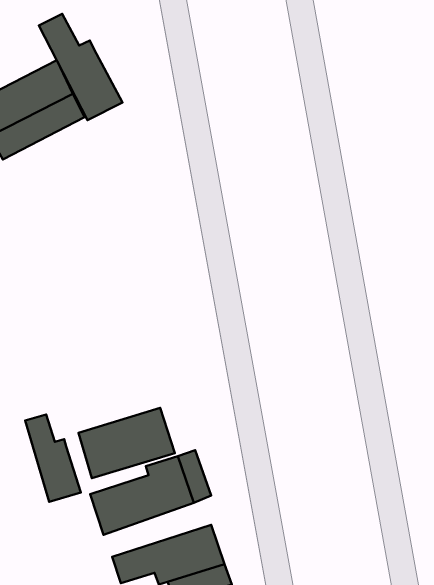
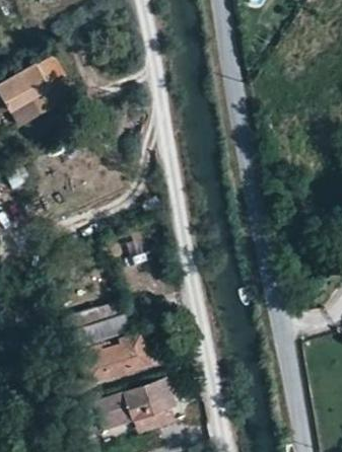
building: [39,14,122,120] -> none
building: [25,415,81,502] -> none

